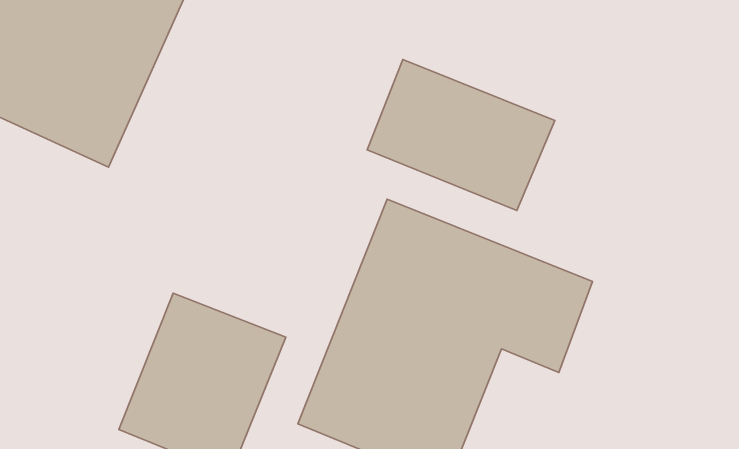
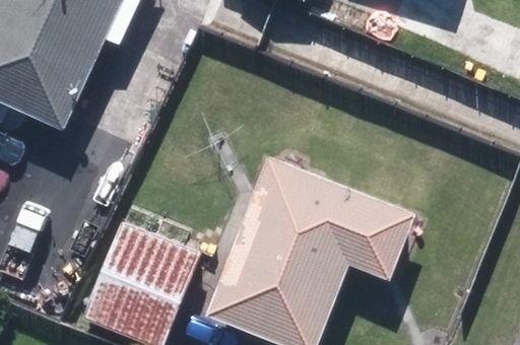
building: [367,60,555,210] -> none

